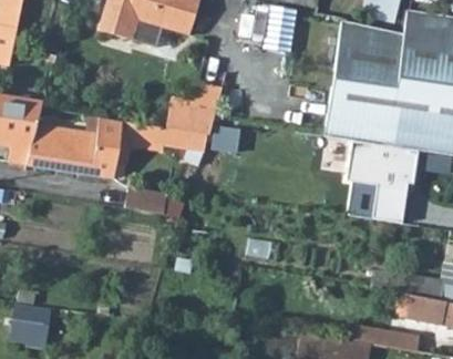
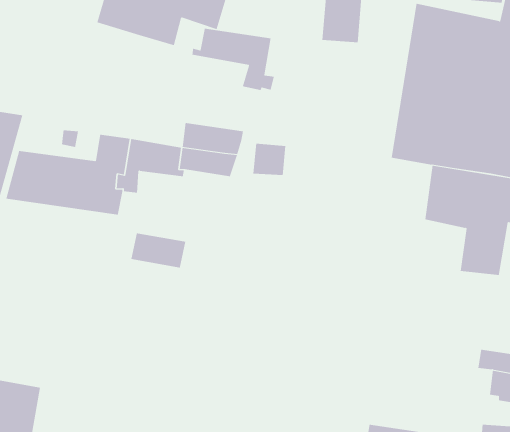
building: none -> [192,28,275,91]

